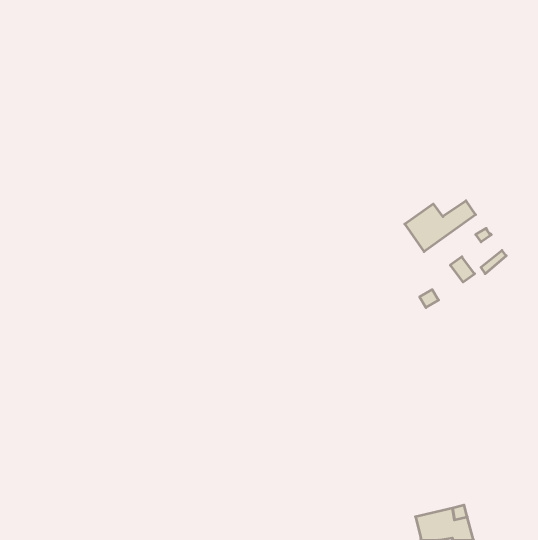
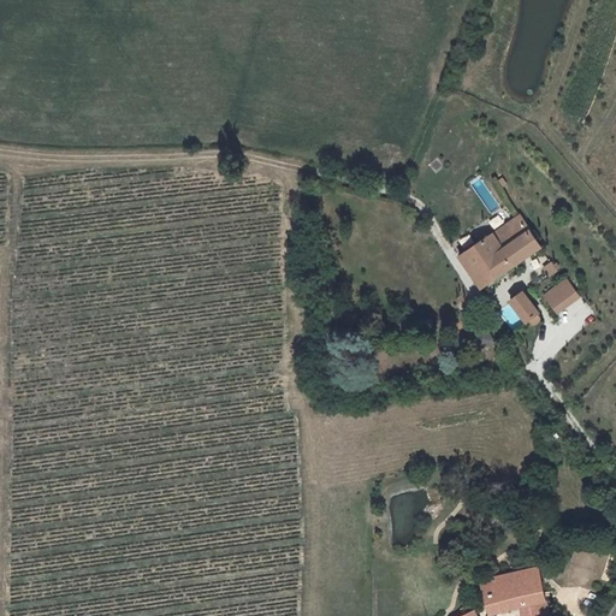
building: none -> [493,214,531,247]

